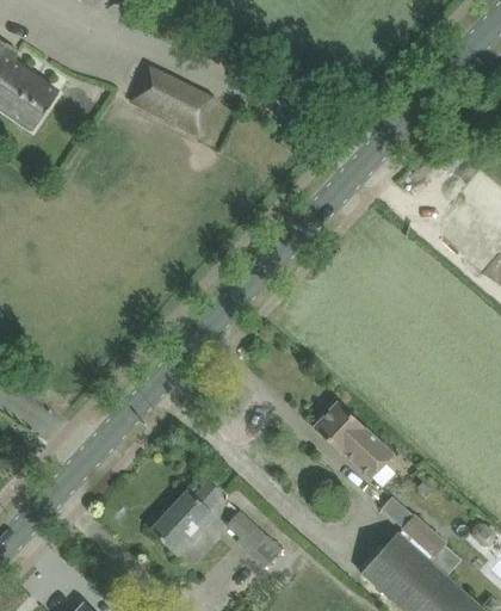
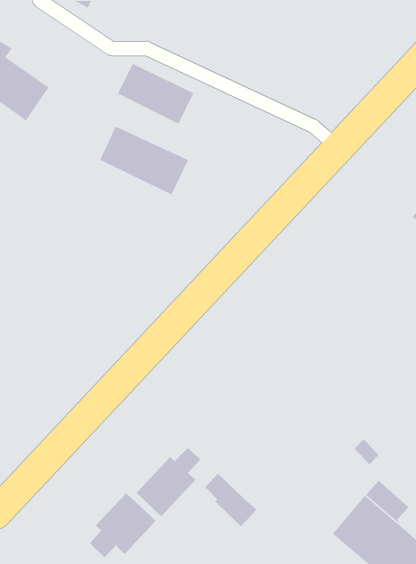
building: none -> [99,125,189,196]
building: [315,402,392,477] -> none
building: none -> [89,492,157,558]

